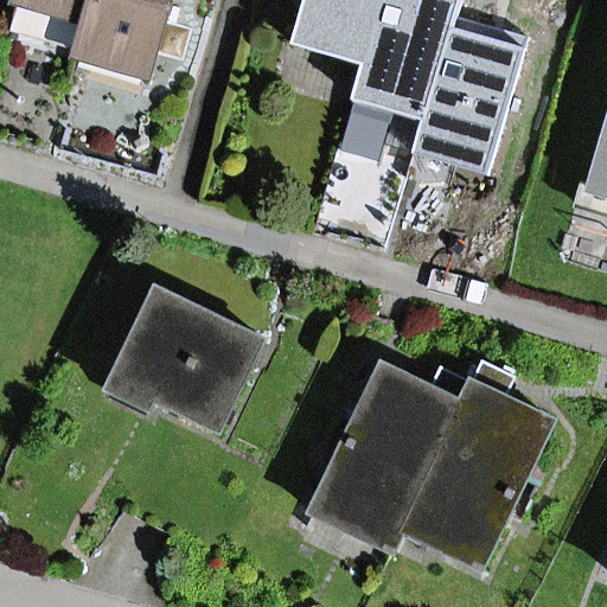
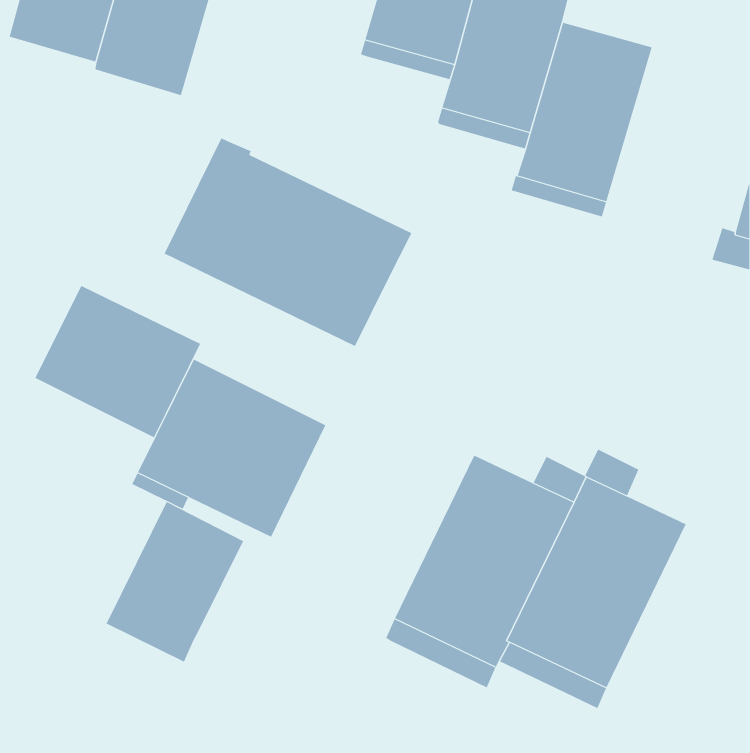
building: none -> [164,137,412,347]
building: none -> [35,285,201,438]
building: none -> [106,501,244,663]

